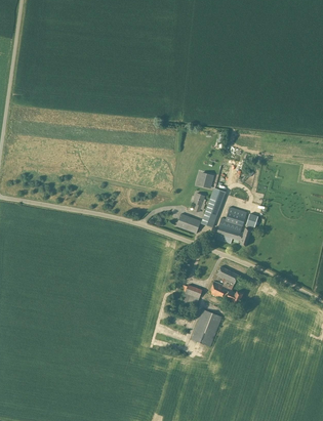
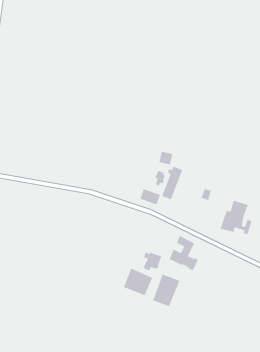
building: [213,206,250,246] -> [220,200,253,235]
building: none -> [123,267,153,296]

